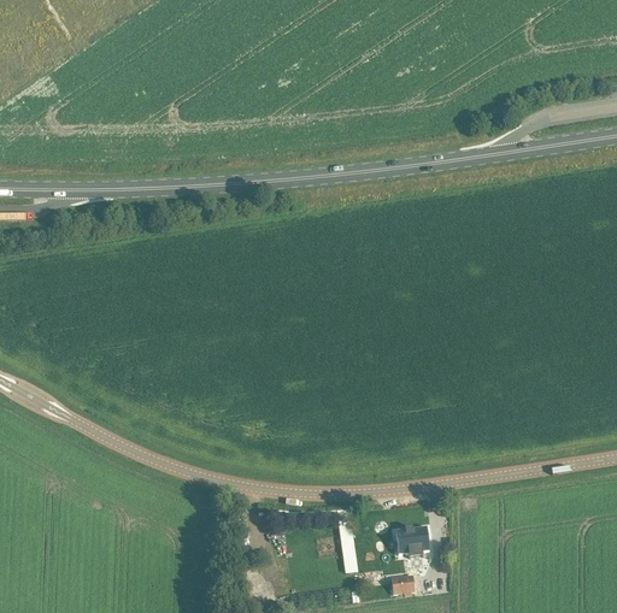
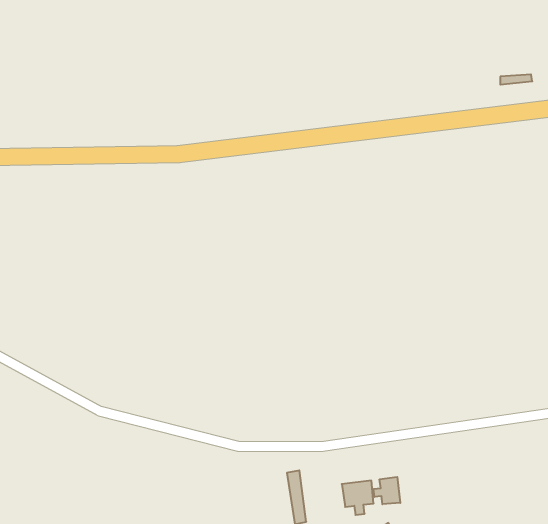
building: none -> [374,477,400,504]

